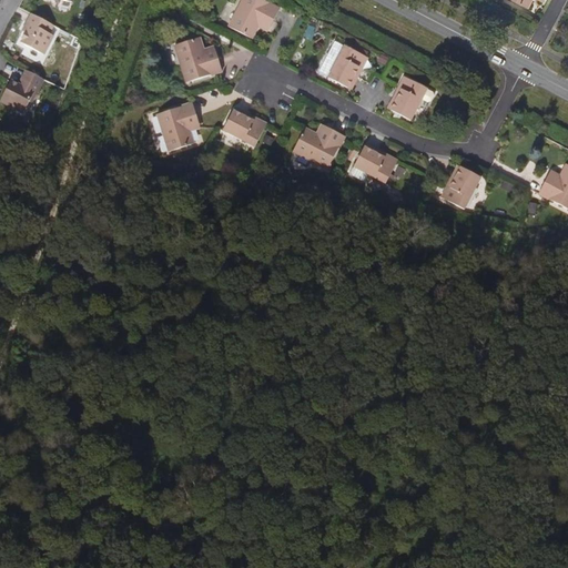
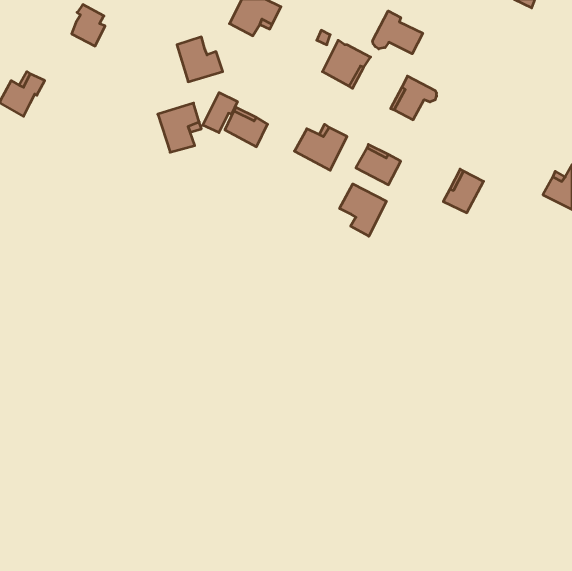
building: none -> [373,11,423,54]
building: [21,14,54,55] -> [72,5,105,46]
building: none -> [203,93,237,133]
building: none -> [340,184,386,236]

